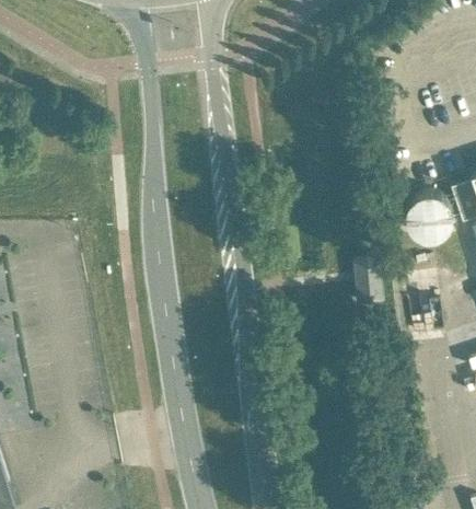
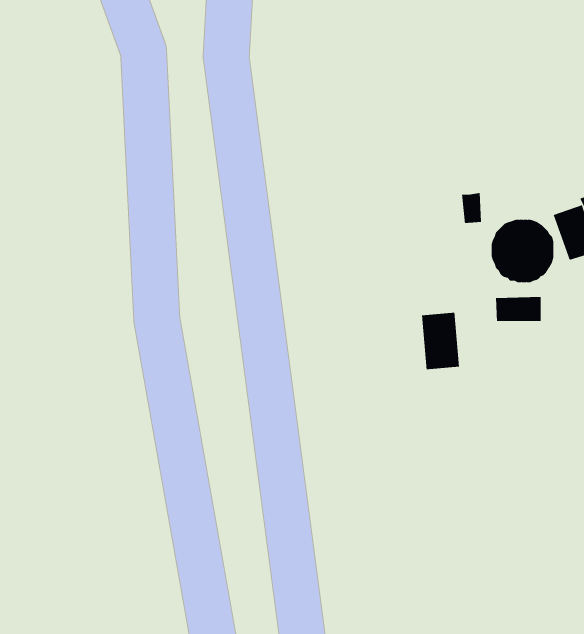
building: none -> [496,296,541,322]

